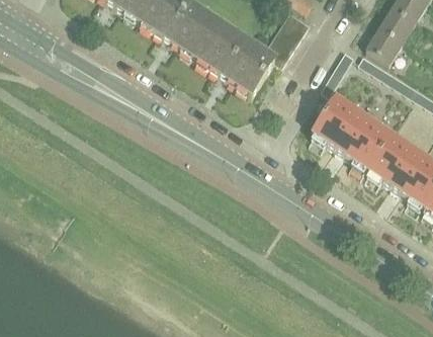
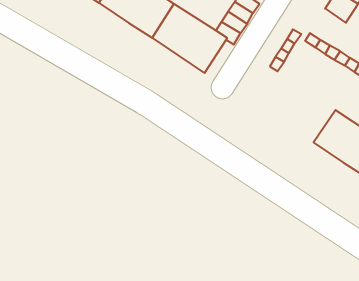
building: [368,24,404,60] -> none
building: [314,94,393,167] -> none

